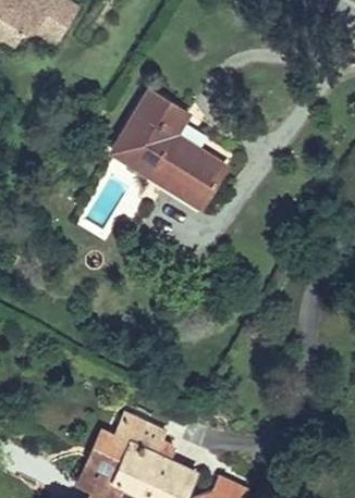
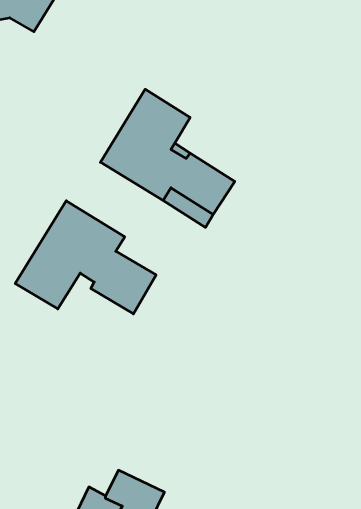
building: none -> [15,201,156,314]

